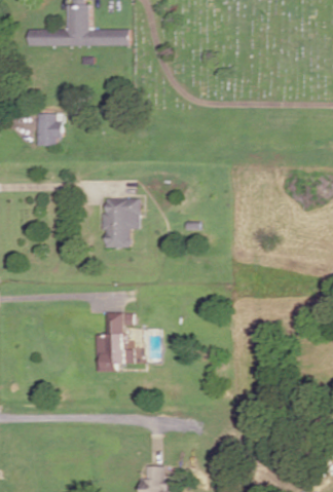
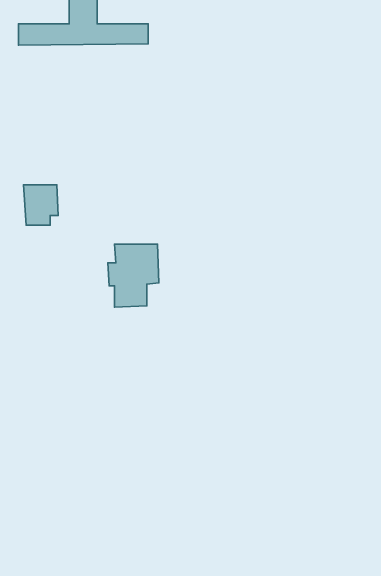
building: [37,114,64,145] -> [23,185,58,225]
building: [98,318,124,371] -> none

